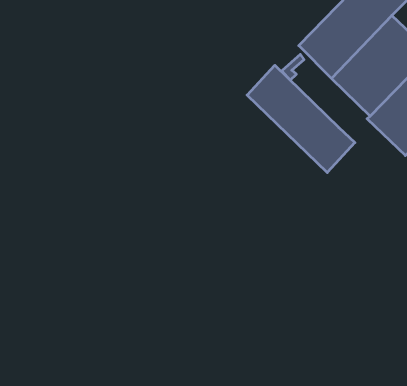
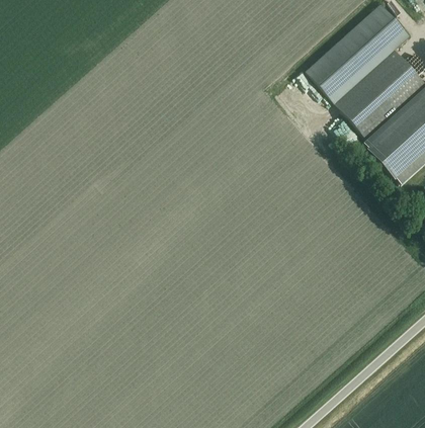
building: [247,65,355,173] -> none

